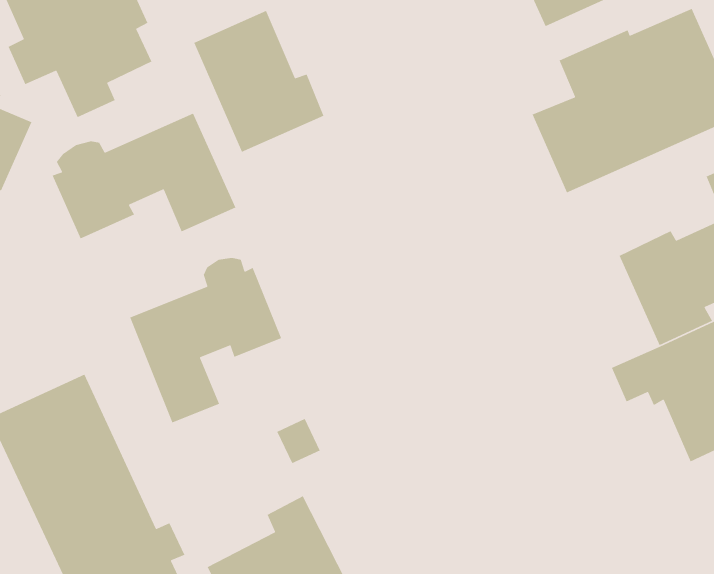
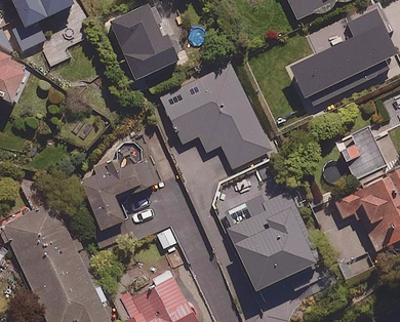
building: none -> [160,64,272,168]
building: [52,113,236,240] -> none
building: none -> [227,192,317,289]

